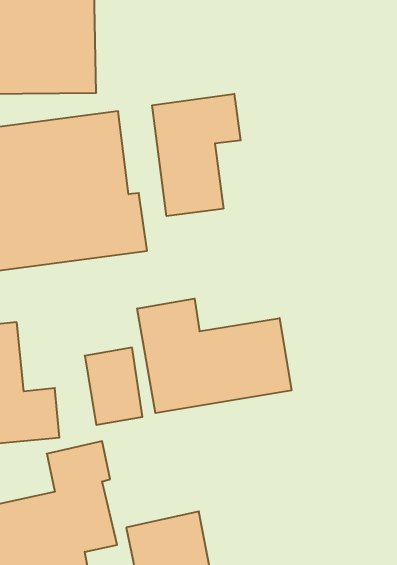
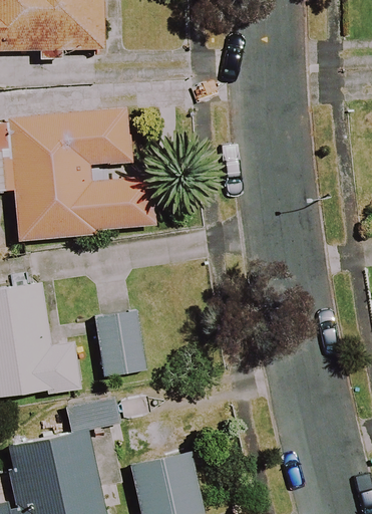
building: [152,94,241,216] -> none
building: [137,299,291,413] -> none

